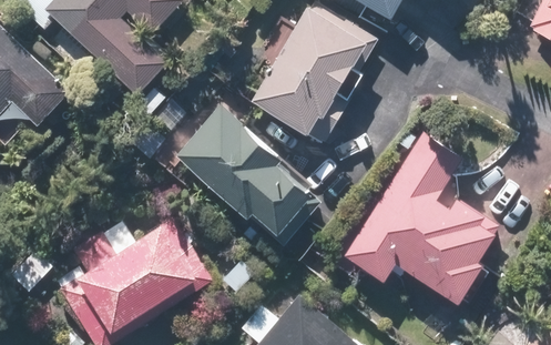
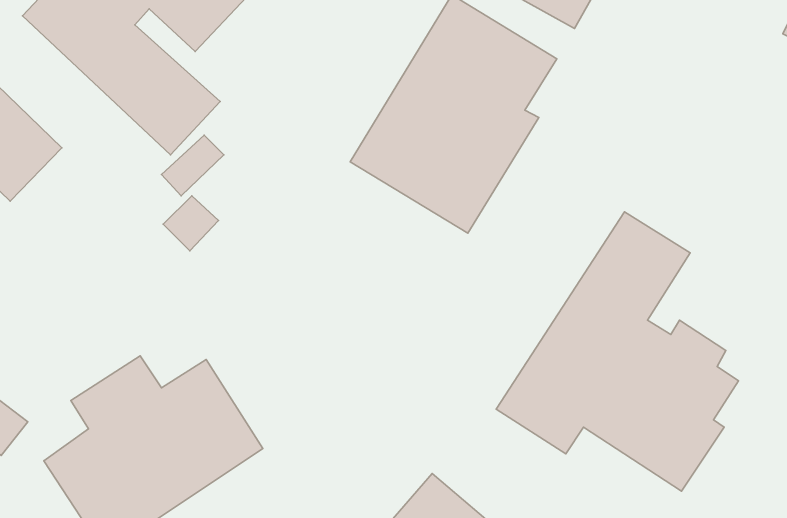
building: [176,105,326,244] -> none

